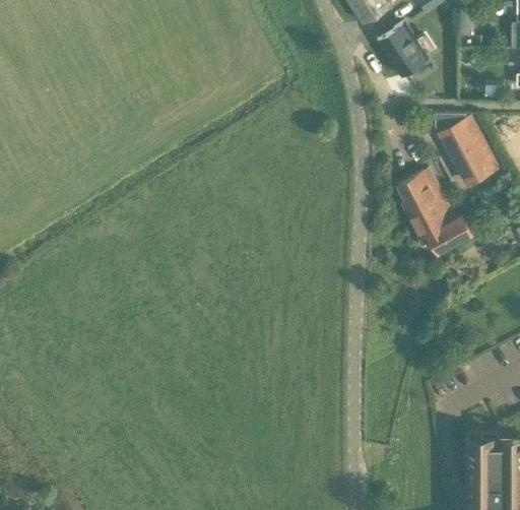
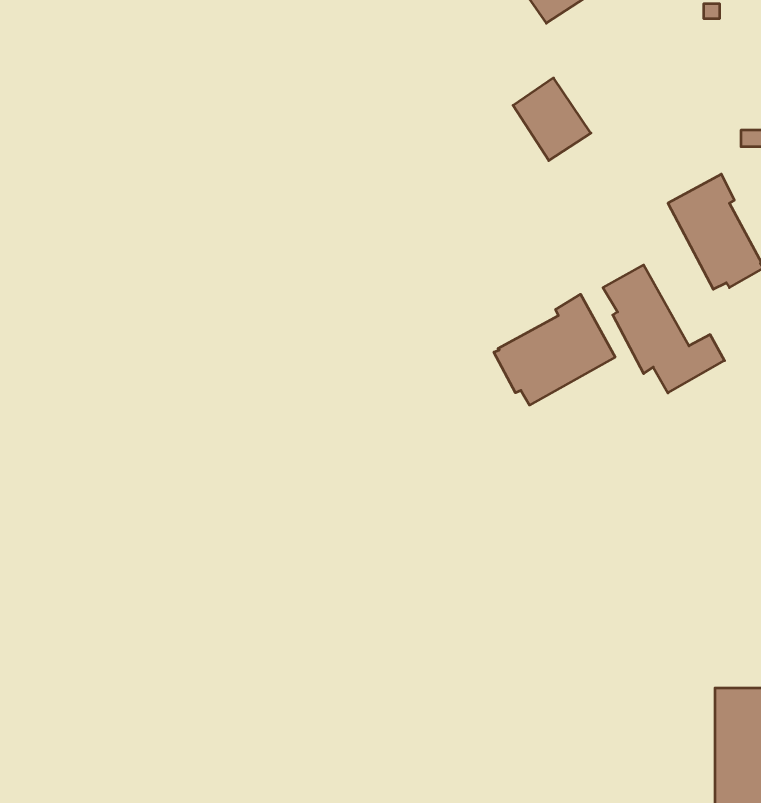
building: [380,22,429,74] -> [513,78,591,161]
building: none -> [494,294,615,405]

